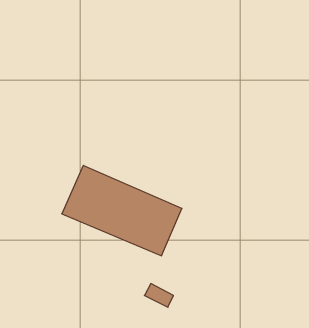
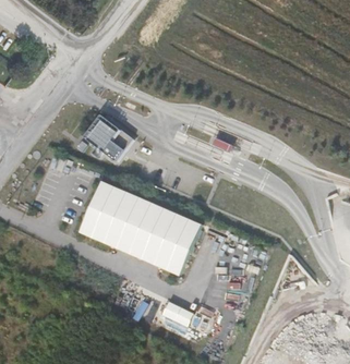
building: none -> [84,113,134,160]

